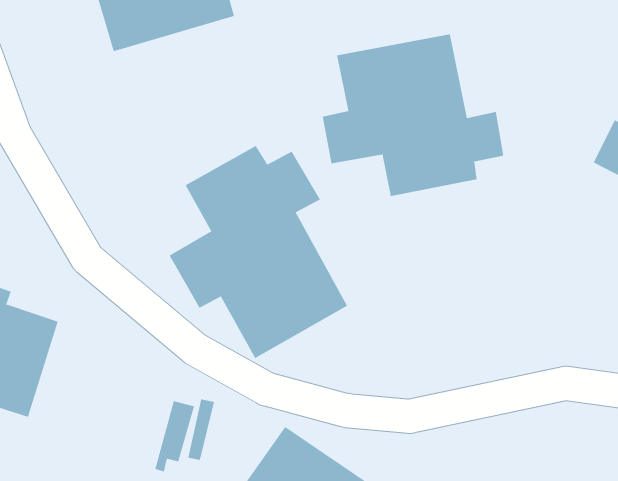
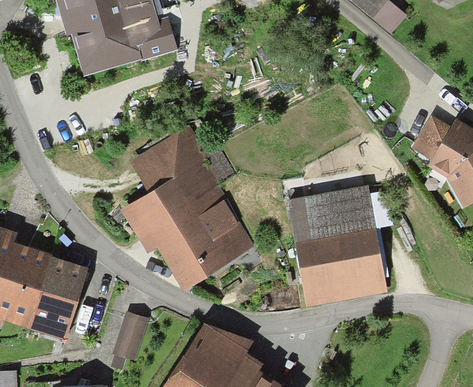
building: [322,33,504,197] -> none
building: none -> [289,189,383,304]
building: none -> [25,259,85,338]

